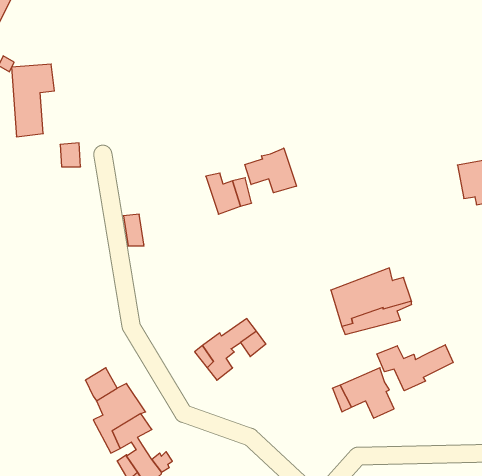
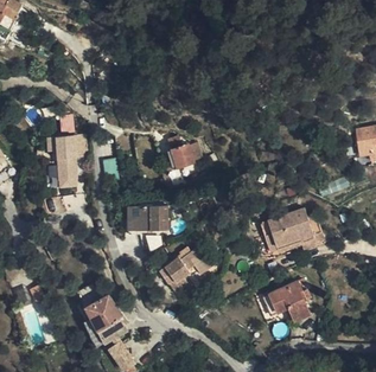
building: [12,64,54,137] -> [55,134,87,188]
building: [245,148,296,193] -> none
building: none -> [128,205,167,230]
building: [377,345,453,391] -> none

